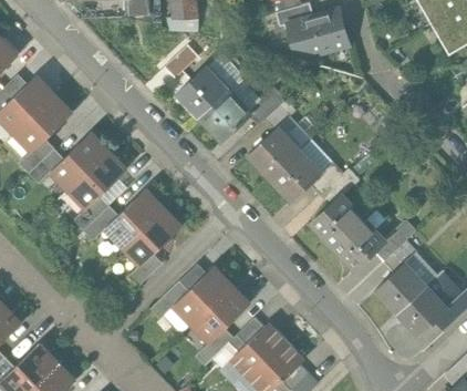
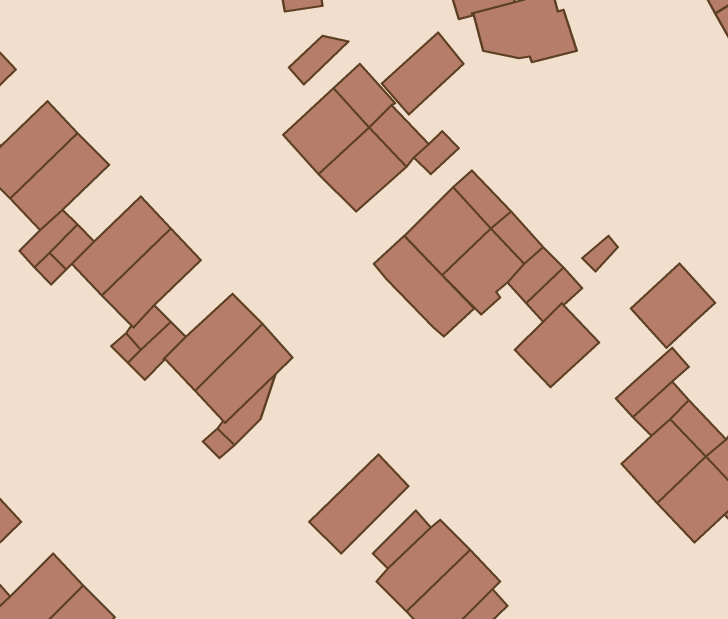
building: none -> [382,33,463,115]
building: none -> [374,236,474,337]
building: [333,218,383,268] -> [631,264,715,348]
building: [173,266,231,325] -> none

